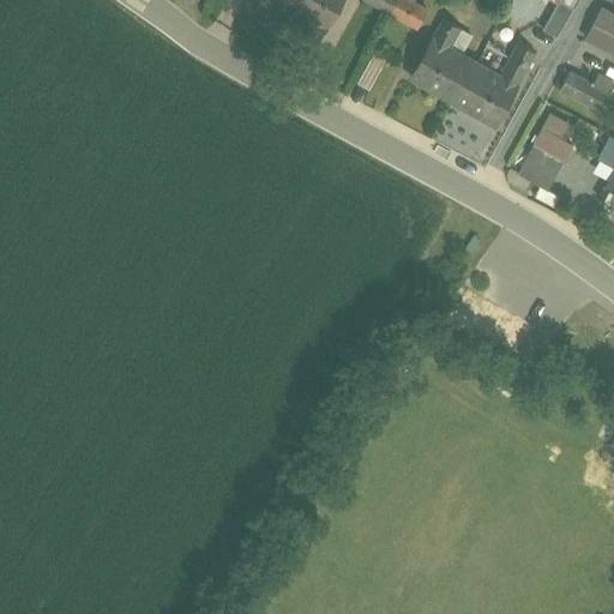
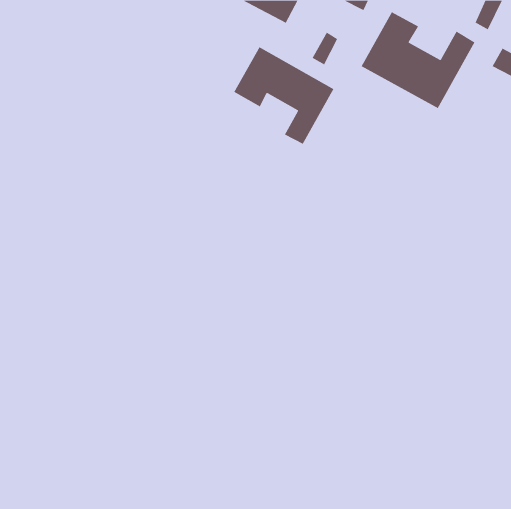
building: none -> [233,46,335,145]
building: [517,103,572,182] -> none

